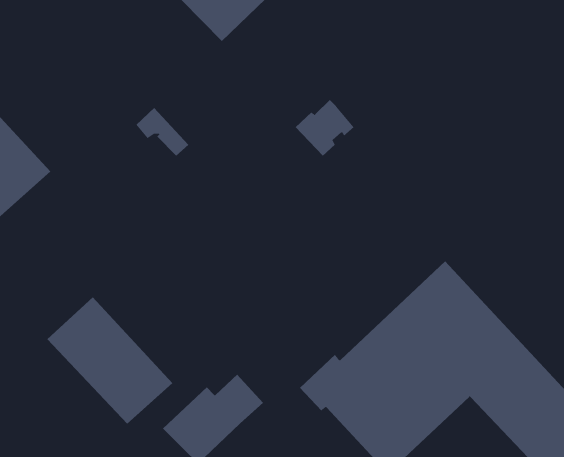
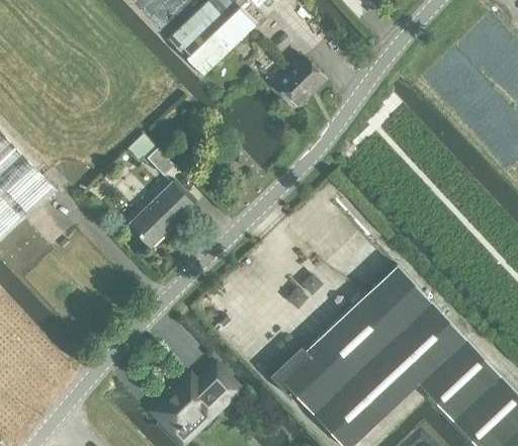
building: [295,99,354,156] -> [273,56,325,105]
building: none -> [128,181,194,248]
building: [46,297,173,425] -> none

